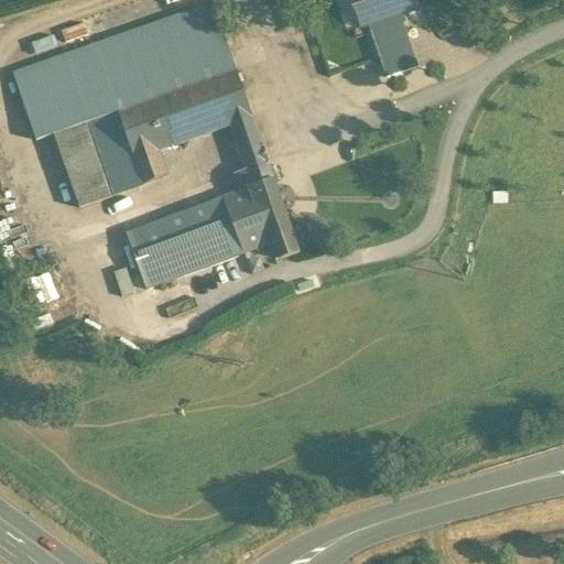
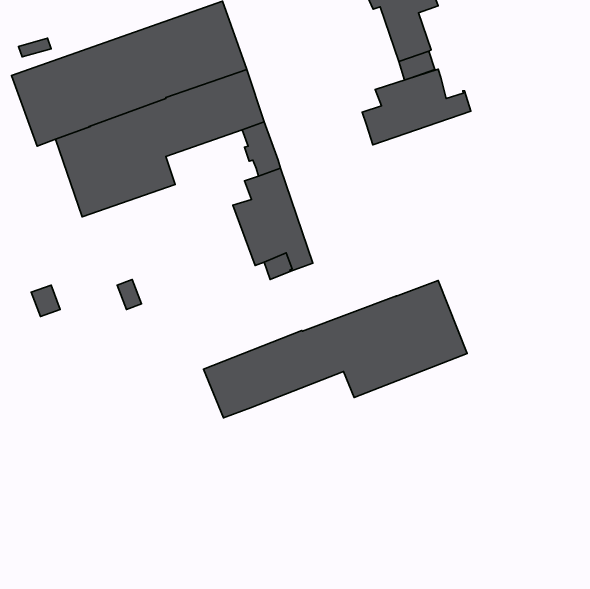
building: none -> [362,69,471,145]
building: [126,195,242,288] -> none
building: none -> [203,280,467,418]

